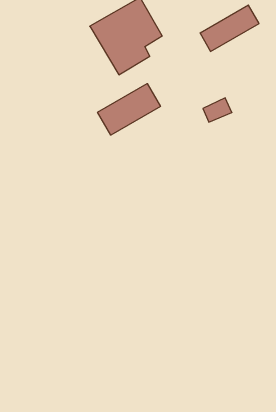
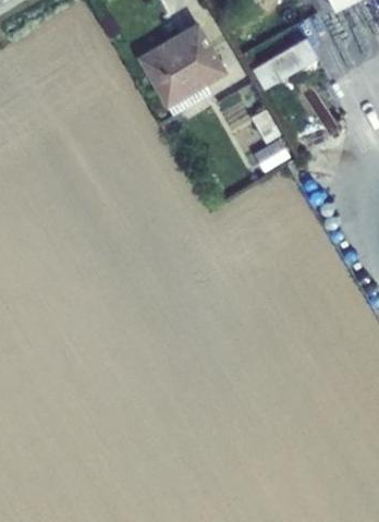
building: [98,84,160,135] -> none

